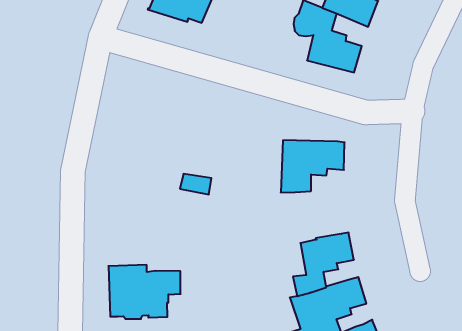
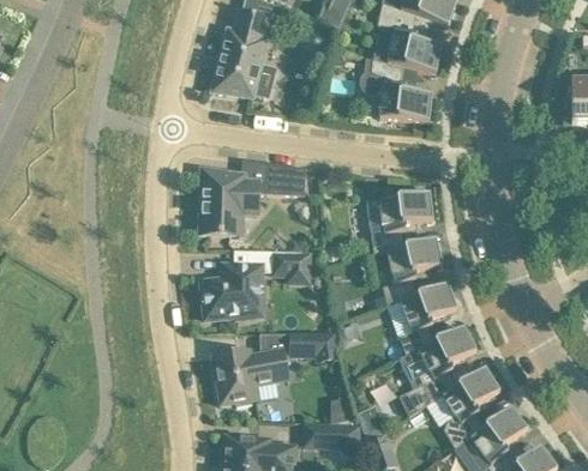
building: none -> [198,162,306,234]
building: none -> [200,264,264,318]
building: none -> [382,238,443,304]
building: none -> [289,333,338,361]

